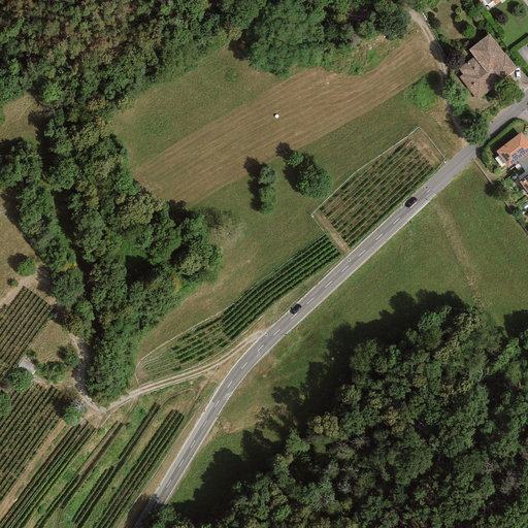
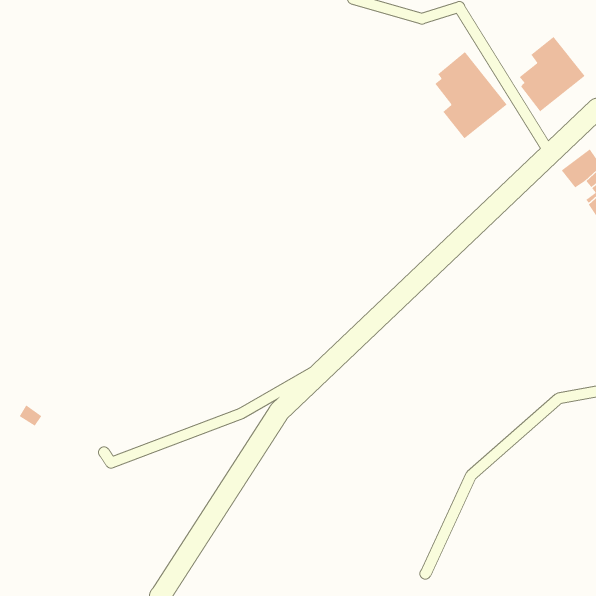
building: none -> [434,51,508,139]

